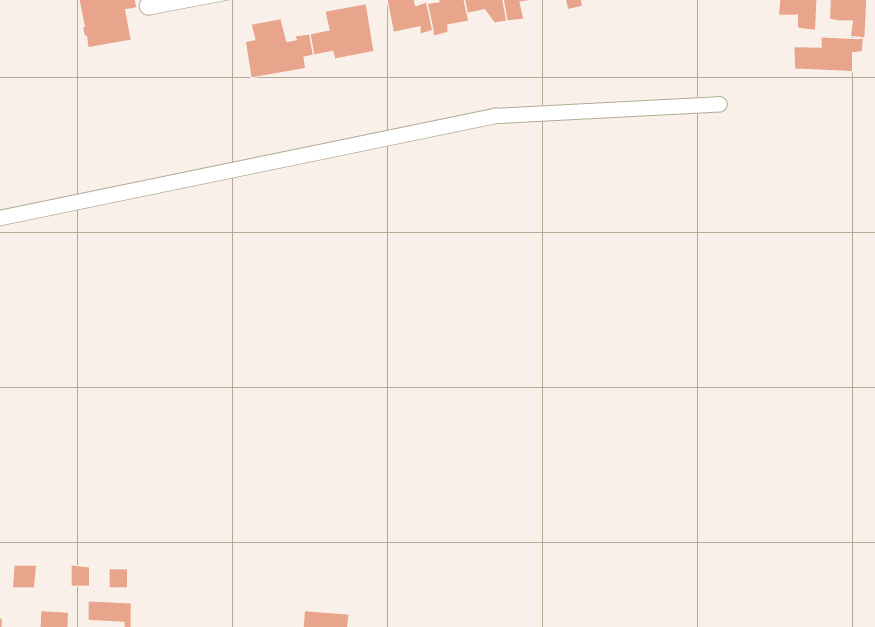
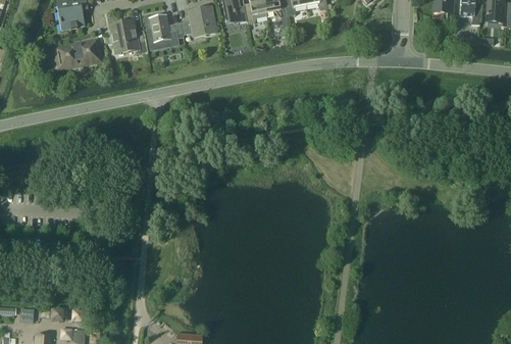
building: none -> [111,19,148,52]
building: [794,37,863,72] -> none
building: none -> [56,39,101,66]

